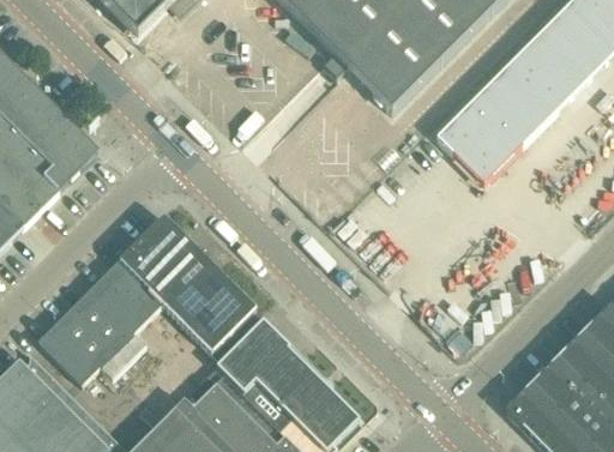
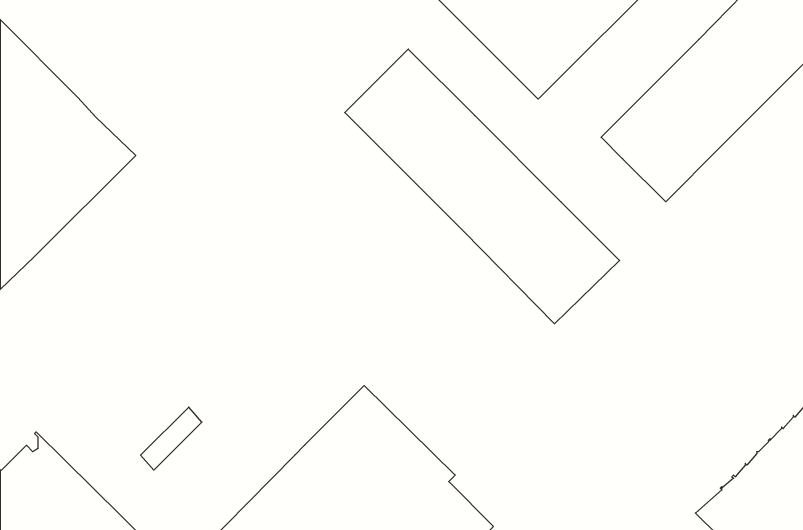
building: none -> [345,49,620,324]
building: [37,215,264,384] -> none

